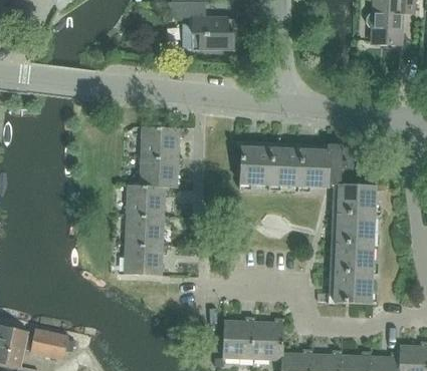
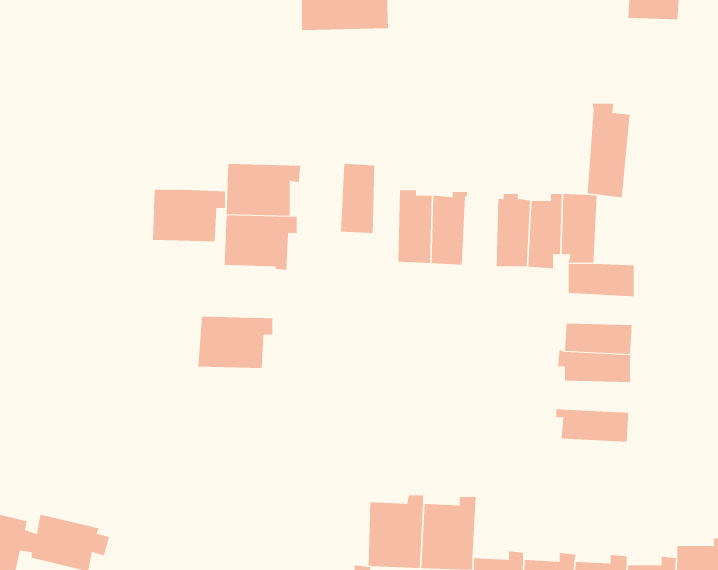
building: none -> [587,103,630,198]
building: [276,146,296,187] -> [340,163,375,233]
building: [127,186,169,216] -> [152,189,226,242]
building: [333,202,375,220] -> none
building: [124,244,167,276] -> none
building: [330,252,373,270] -> none
building: [329,285,371,304] -> none

